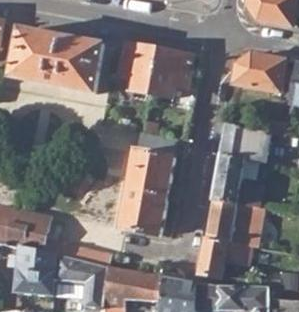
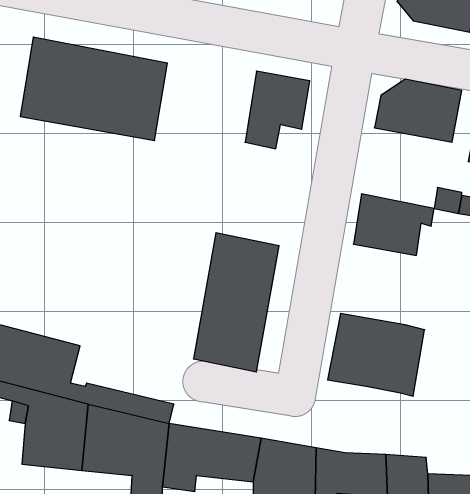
building: [121,42,160,93] -> none
building: [212,156,272,209] -> none
building: [197,240,249,276] -> none

